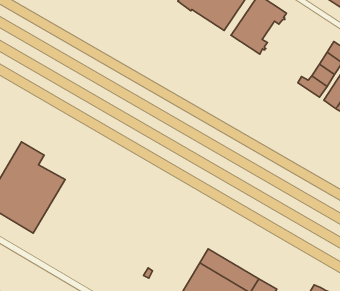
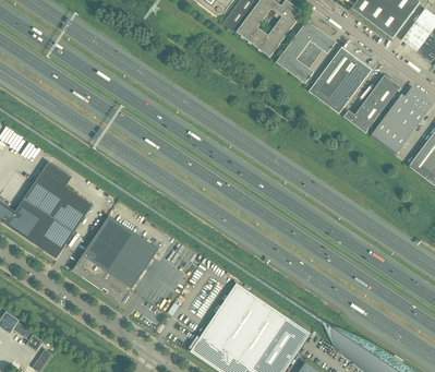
building: none -> [309,46,372,112]
building: none -> [72,215,158,302]

